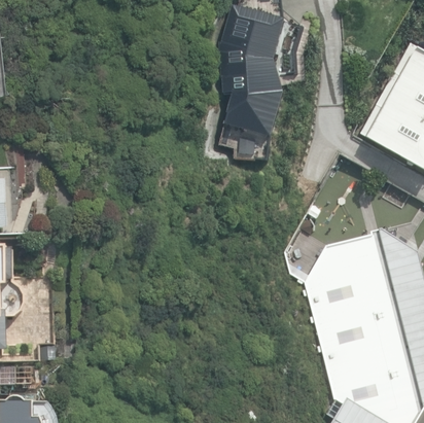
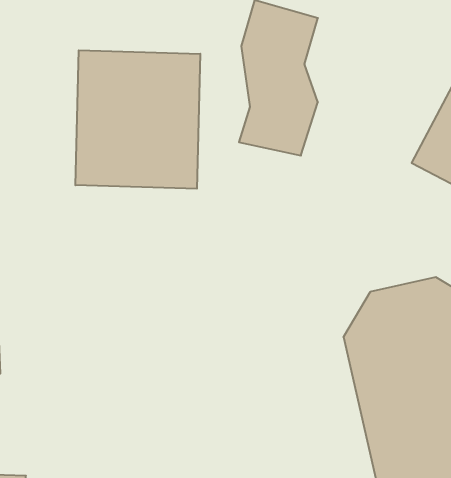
building: none -> [75,50,200,189]

